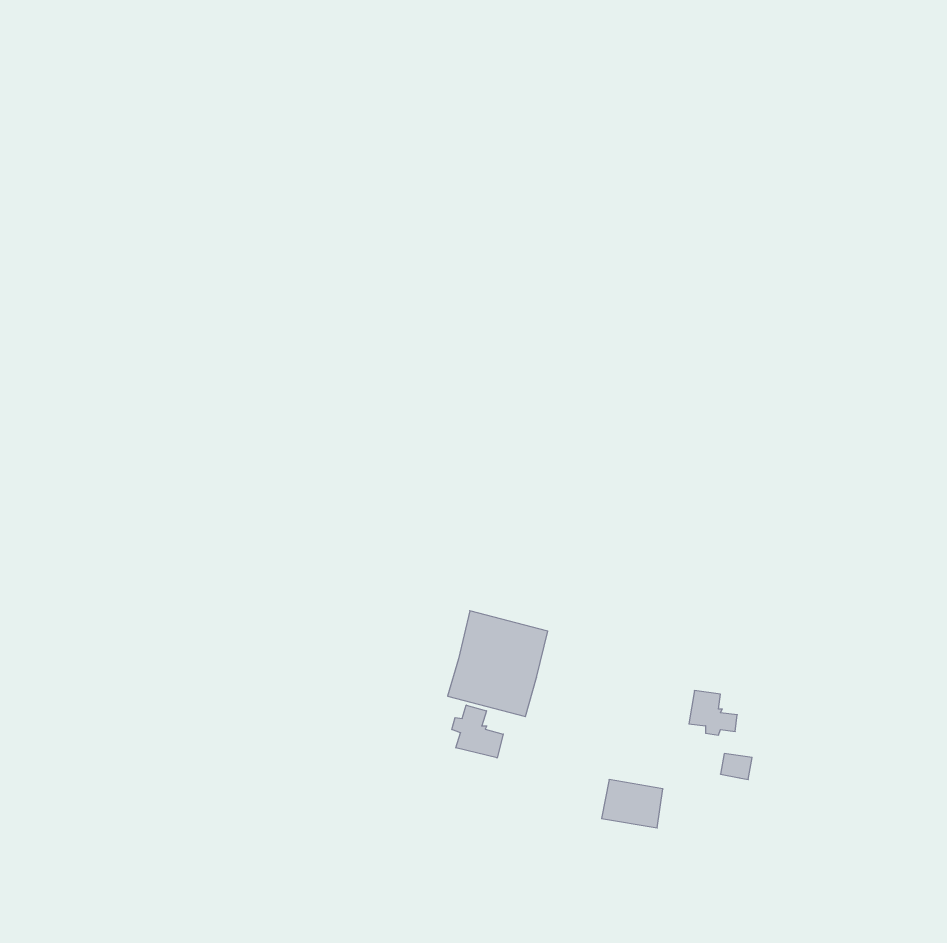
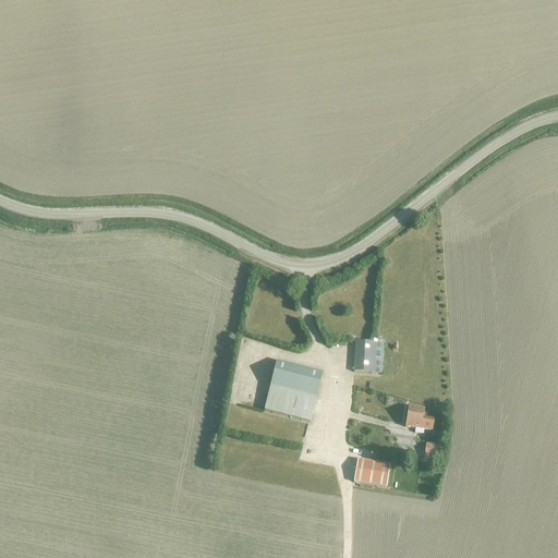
building: none -> [354,339,380,371]
building: [452,705,503,758] -> none

